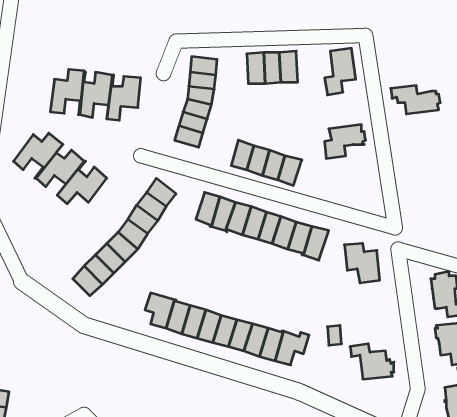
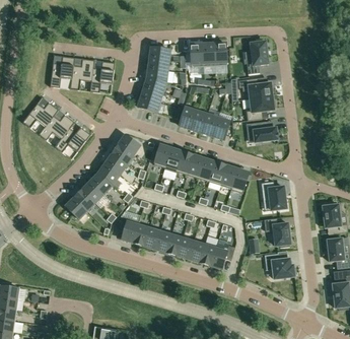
building: [391,86,440,114] -> [237,78,273,98]
building: none -> [246,121,277,142]
building: none -> [264,218,290,247]

